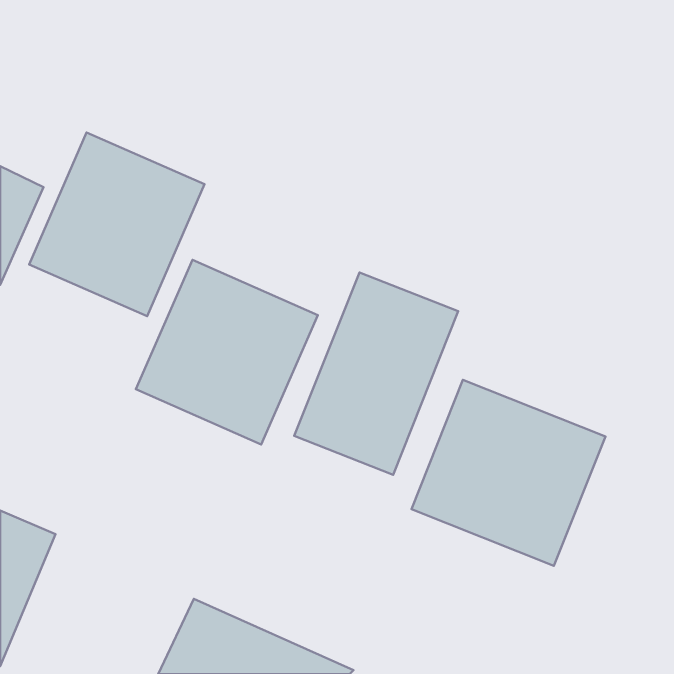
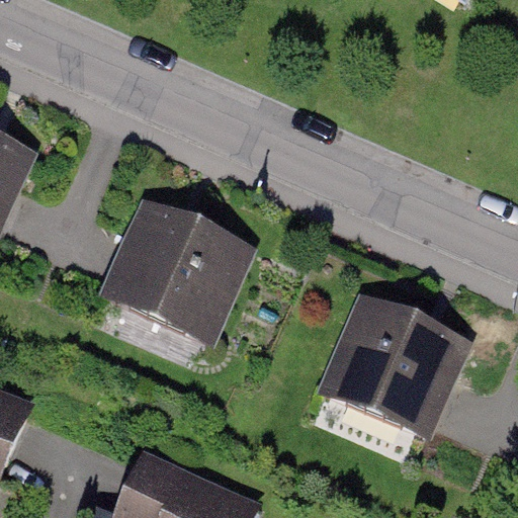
building: [29,133,205,316] -> none
building: [294,272,458,475] -> none

